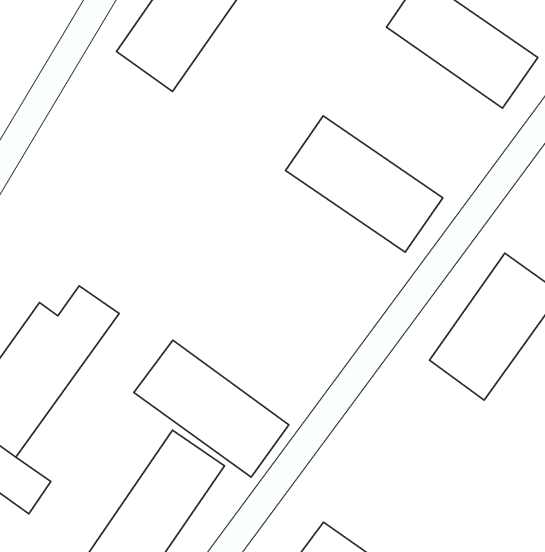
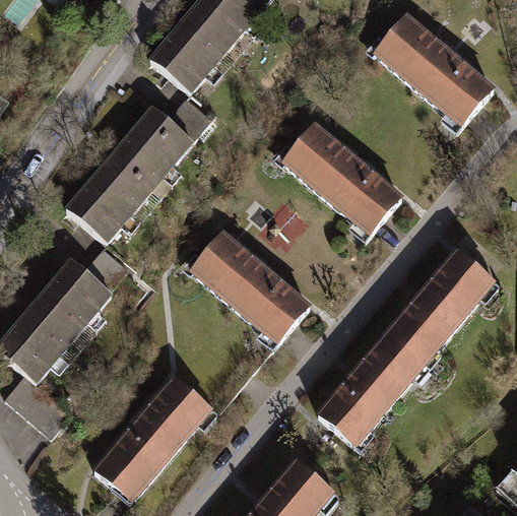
building: none -> [67,96,213,243]
building: [134,340,289,477] -> [186,229,312,346]
building: none -> [316,330,429,450]

